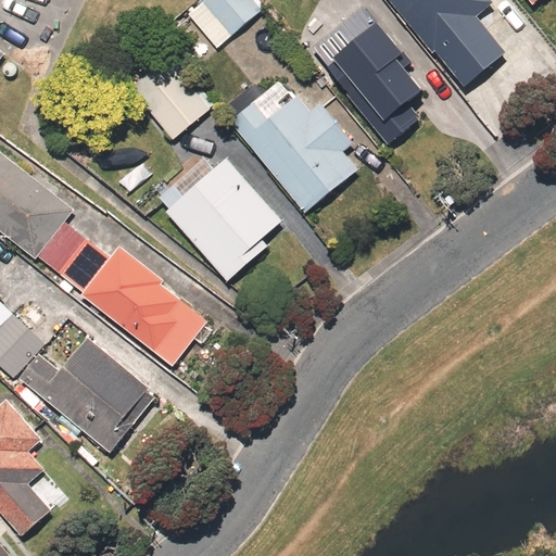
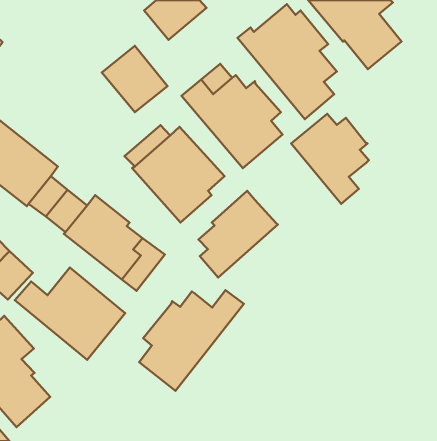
building: none -> [291,114,369,204]
building: none -> [198,191,278,277]
building: none -> [139,290,244,391]

